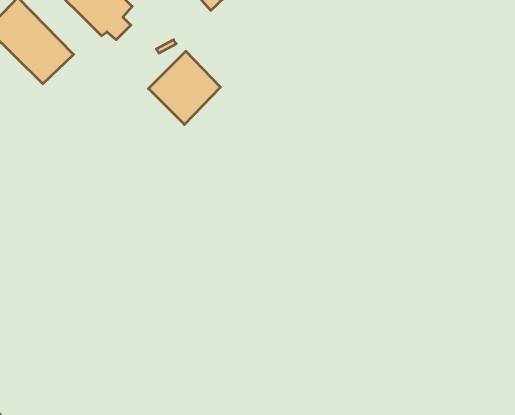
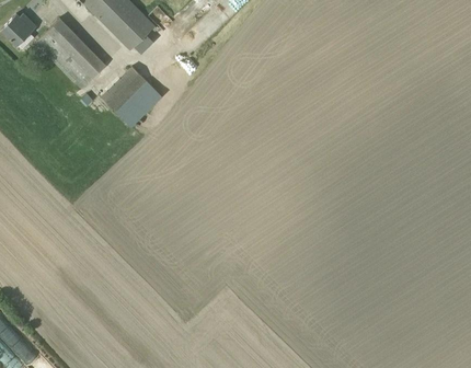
building: [148,51,220,125] -> [101,67,160,127]

